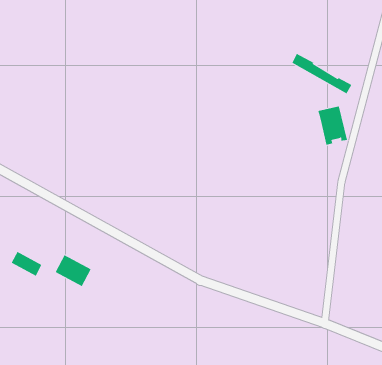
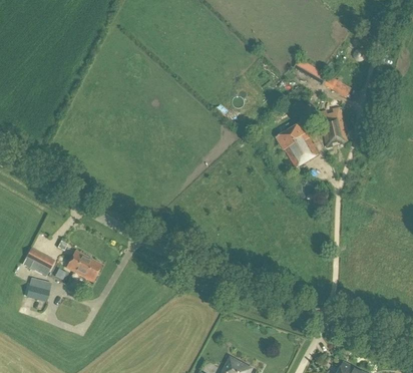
building: none -> [276,122,318,167]
building: none -> [25,278,50,302]

